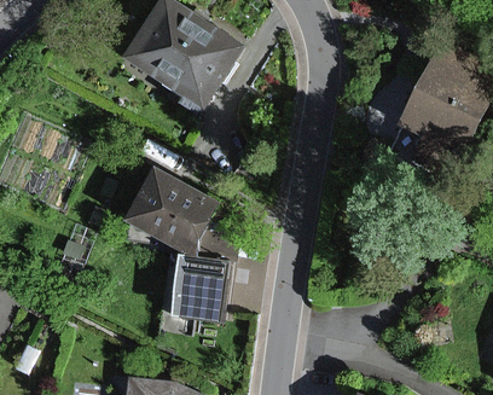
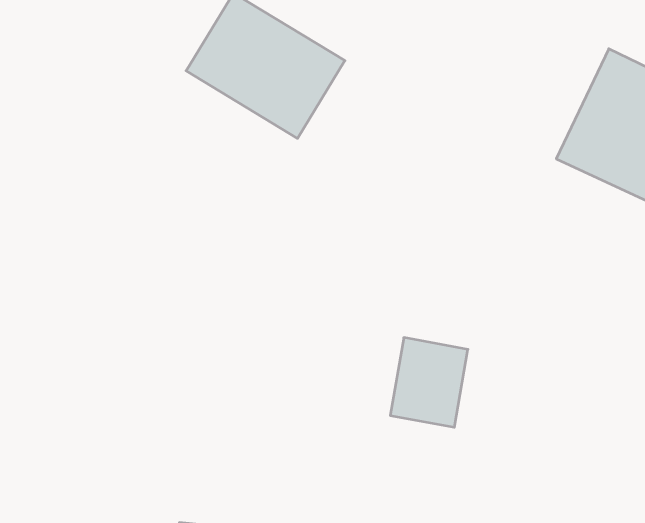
building: [135,169,214,245] -> none
building: [169,259,225,323] -> [390,338,468,427]

